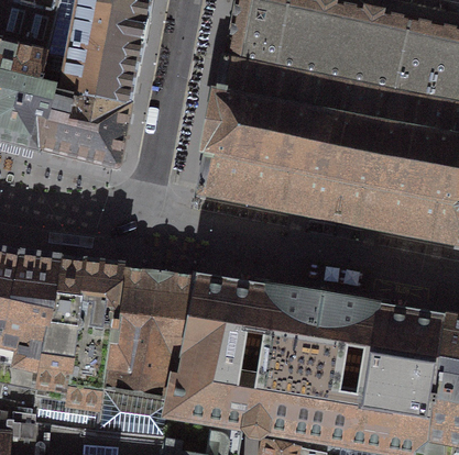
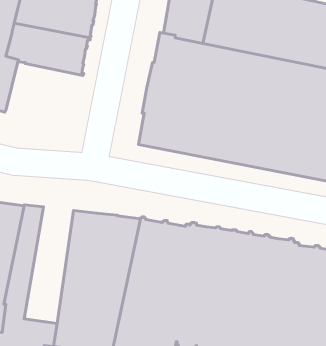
building: [39,90,131,169] -> none
building: [61,264,120,403] -> none

